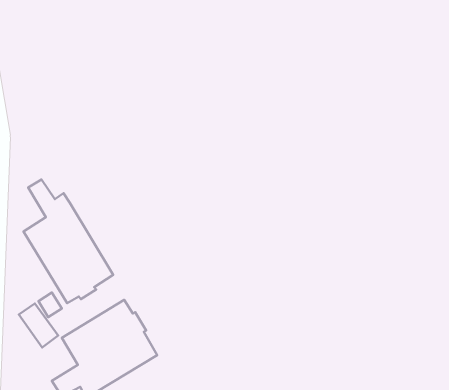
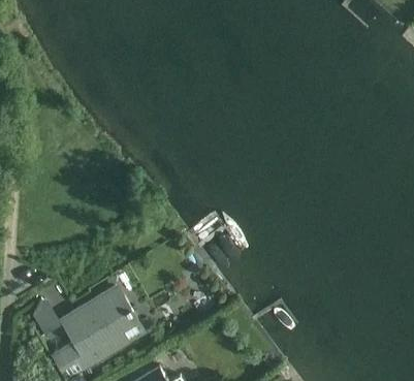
building: [24,179,113,303] -> none

